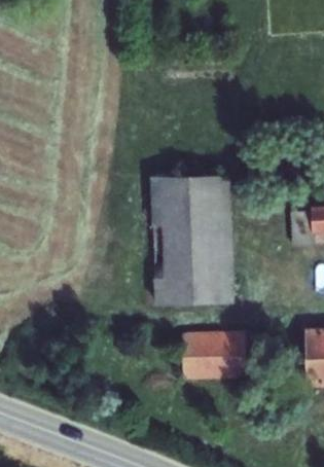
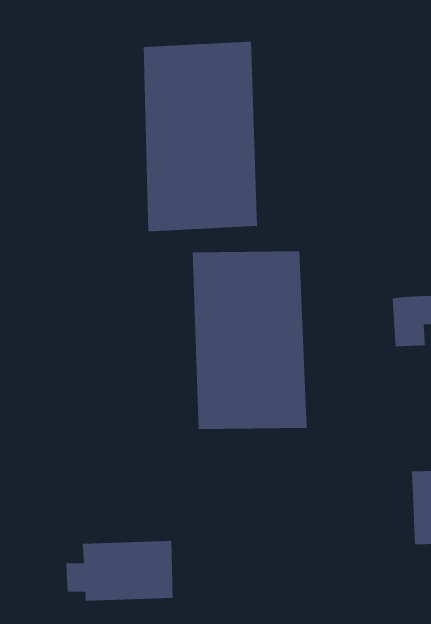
building: none -> [143,41,258,232]
building: [173,334,248,376] -> [66,540,174,601]

